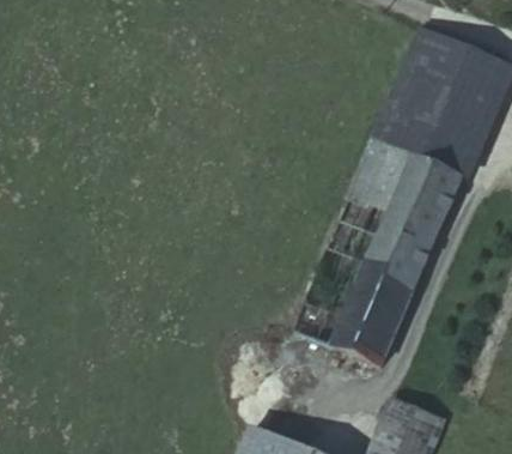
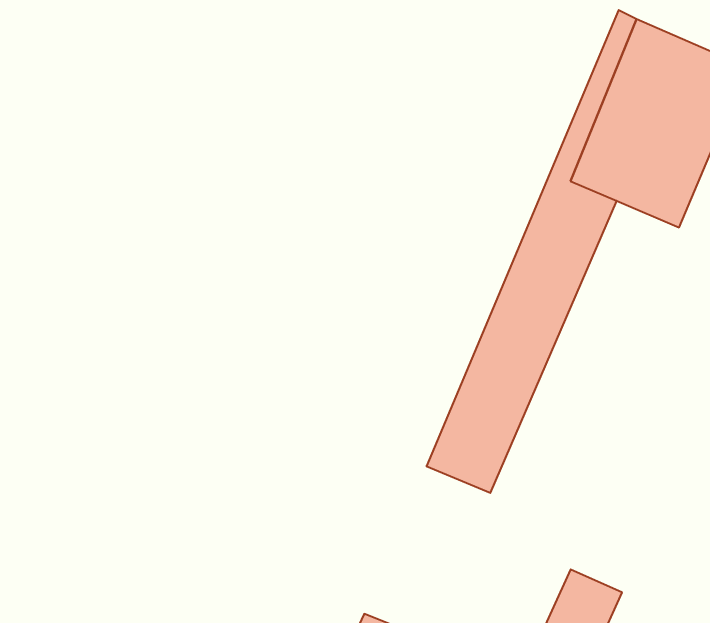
building: [342,152,469,367] -> none

